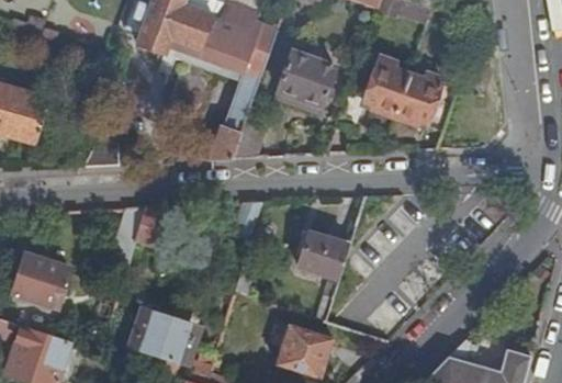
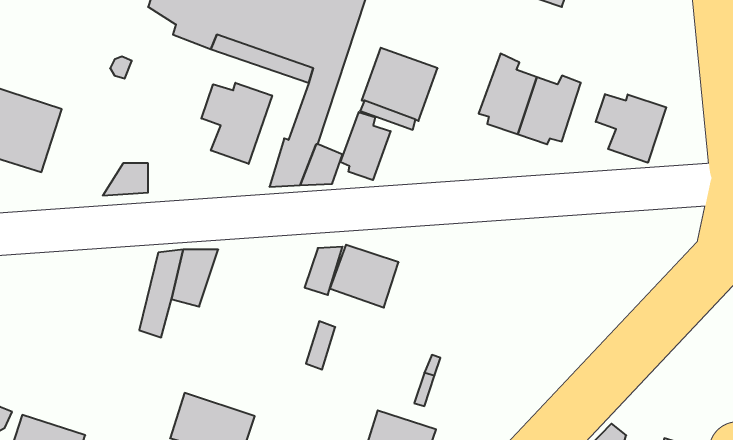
building: none -> [201,83,272,164]
building: none -> [596,94,666,163]
building: none -> [340,112,391,180]
building: [296,230,348,278] -> [330,245,399,308]
building: [13,255,67,306] -> none

